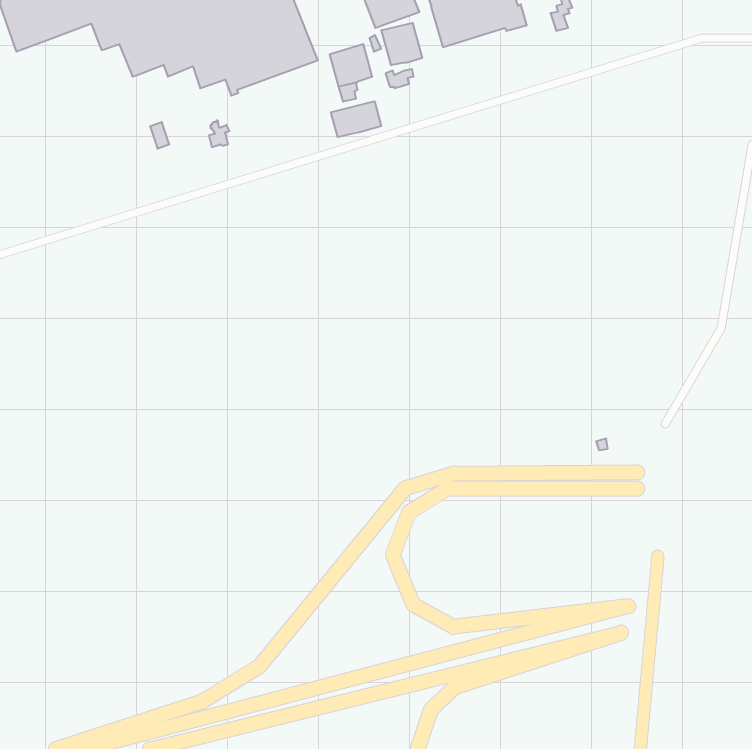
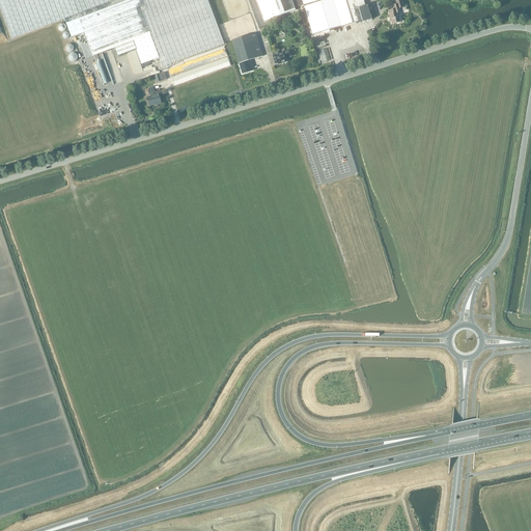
building: [381,23,422,65] -> none
building: [331,101,381,137] -> none

